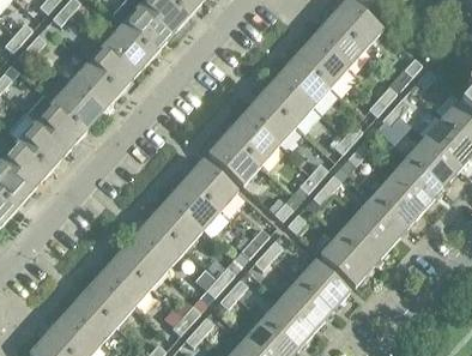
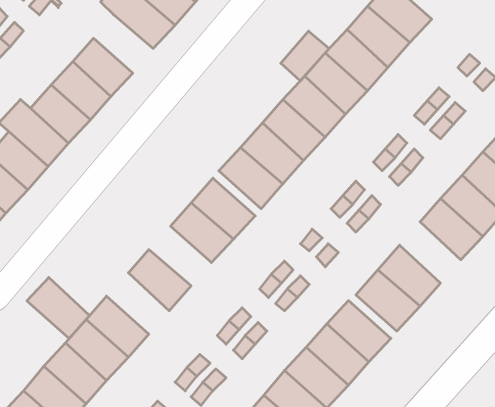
building: [104,25,153,73] -> none
building: none -> [281,31,329,81]
building: [356,195,406,246] -> none
building: [150,199,201,248] -> none
building: [115,237,167,288] -> [27,277,90,339]

